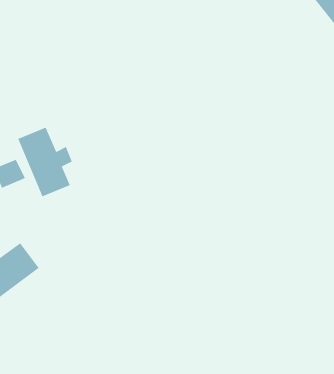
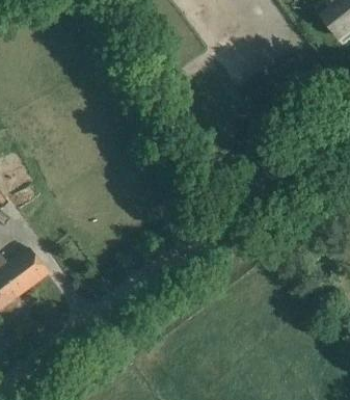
building: [18,127,73,197] -> none

